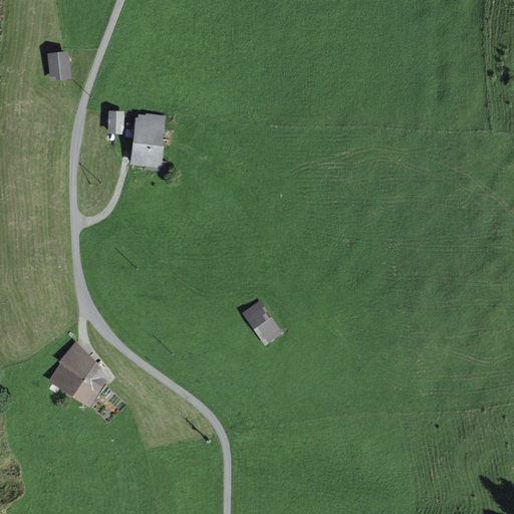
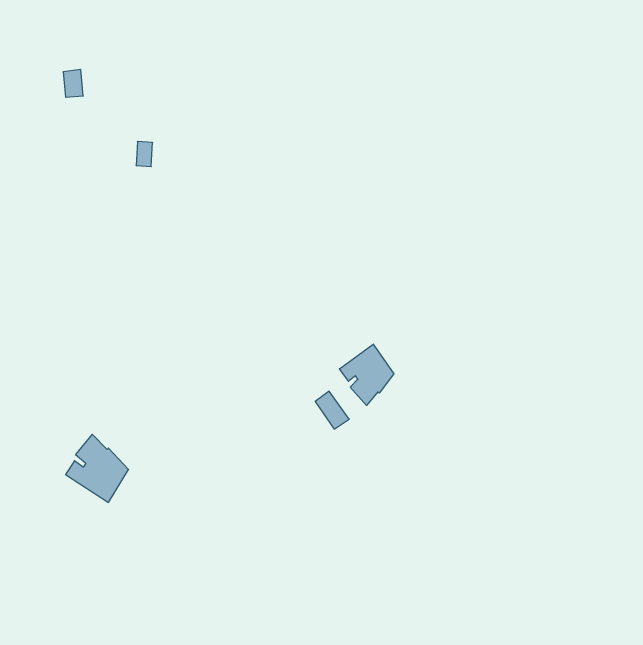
building: [135,115,162,168] -> none
building: none -> [339,344,394,405]

